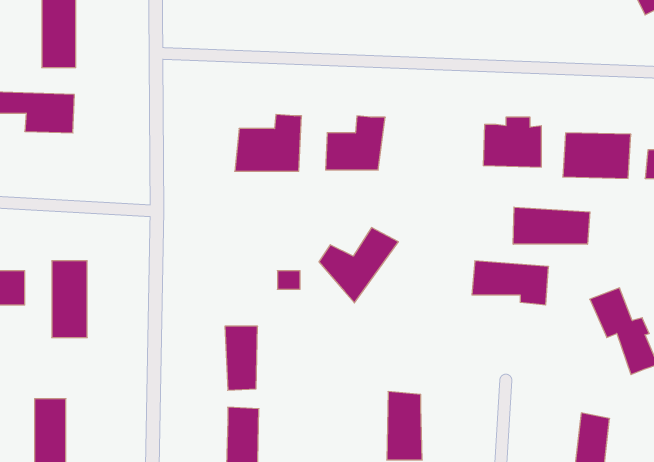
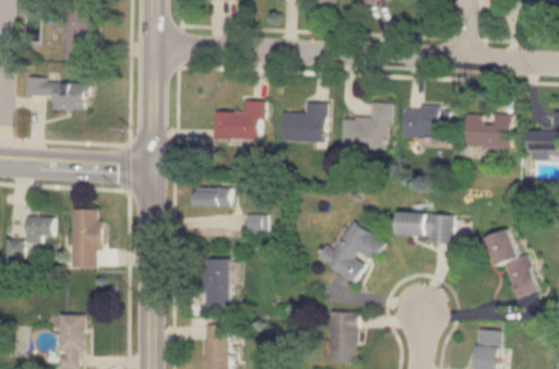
building: none -> [341,102,391,151]
building: [513,207,590,244] -> none
building: none -> [189,182,231,212]
building: [319,228,398,303] -> [319,228,380,286]

